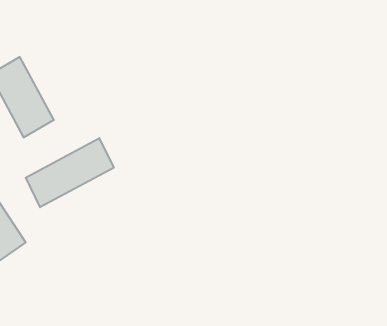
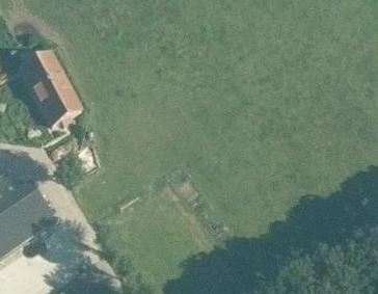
building: [26,138,114,207] -> none

